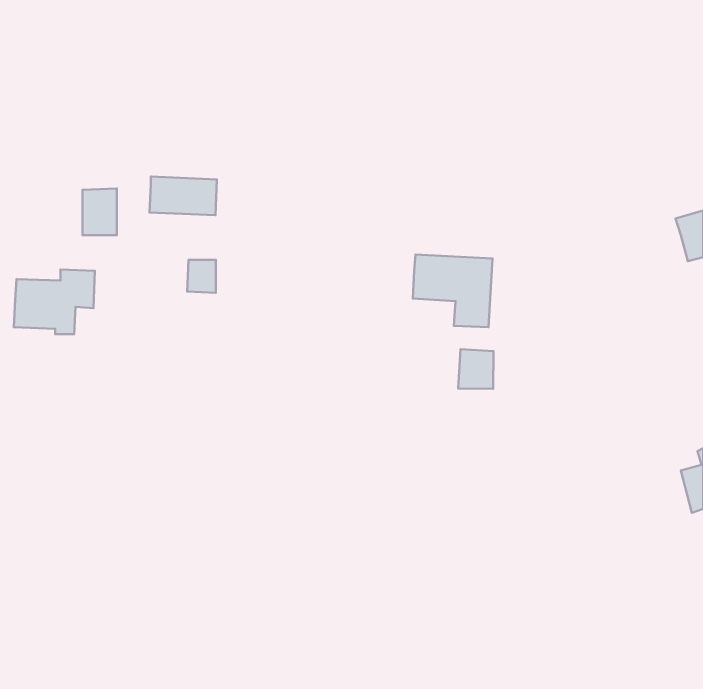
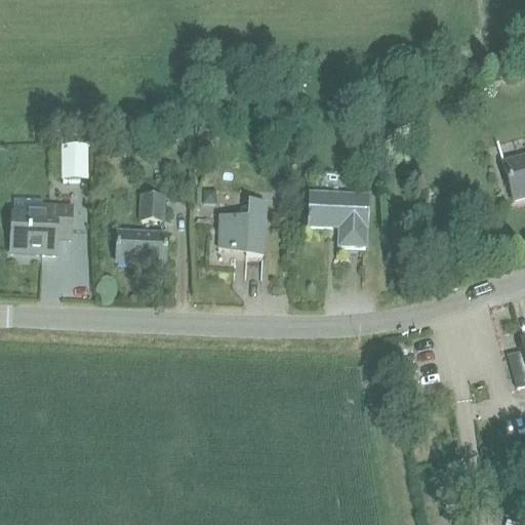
building: [150,177,217,215] -> [116,230,166,258]
building: none -> [218,207,264,251]
building: [458,349,493,389] -> none

